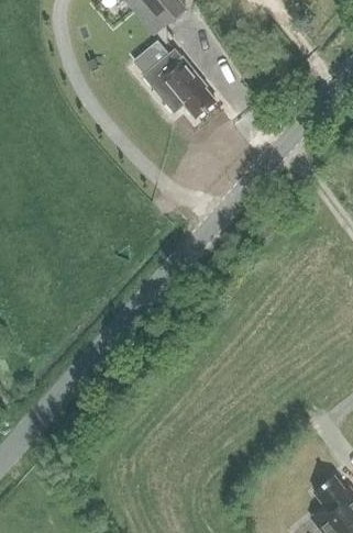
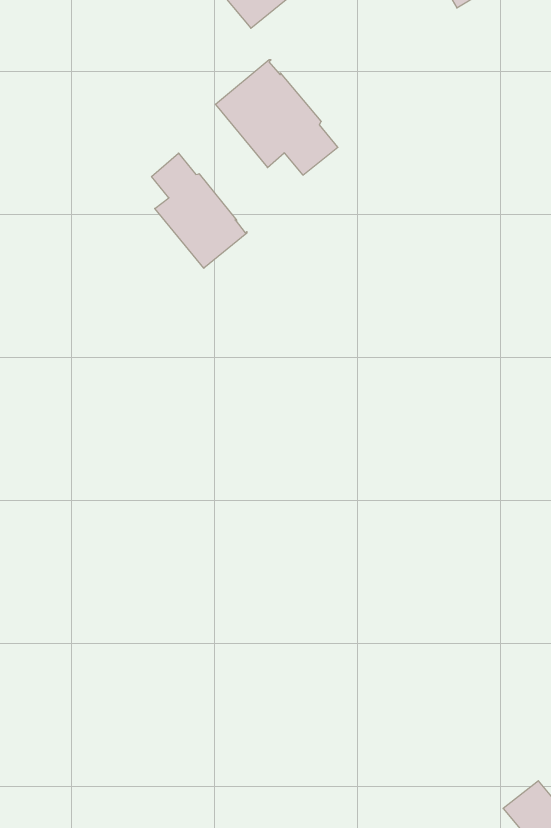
building: none -> [152,153,247,268]

